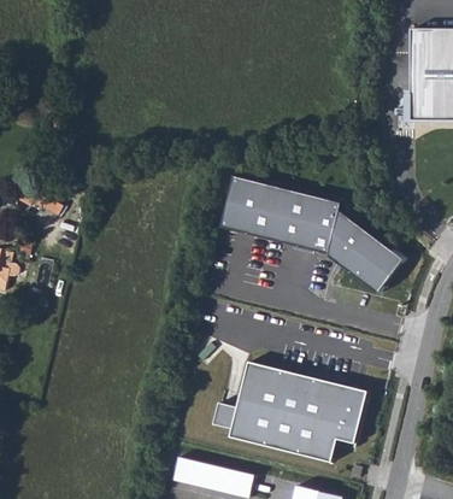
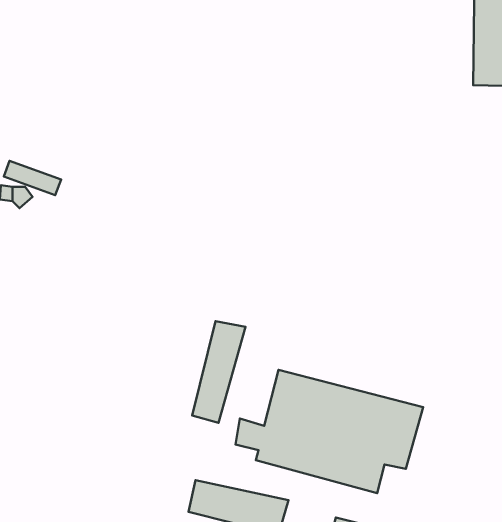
building: [220,171,402,293] -> none
building: none -> [192,321,246,423]

